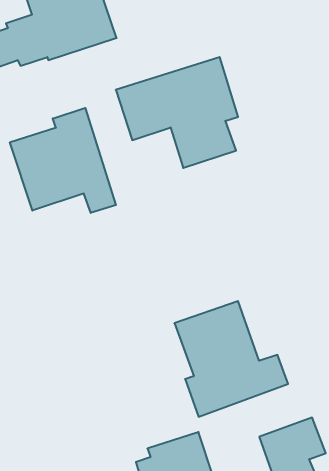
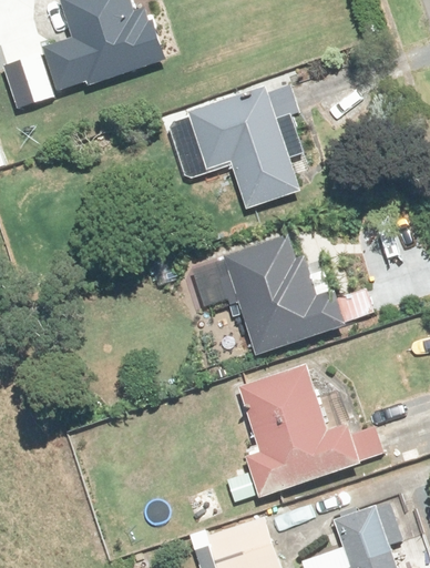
building: [10,108,116,213] -> none
building: none -> [177,232,349,359]

